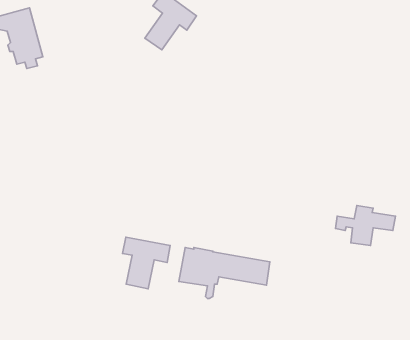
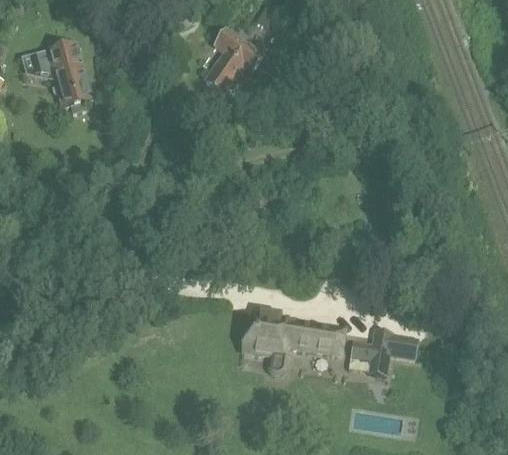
building: [335,205,395,246] -> [350,329,417,374]
building: [122,237,170,289] -> none

